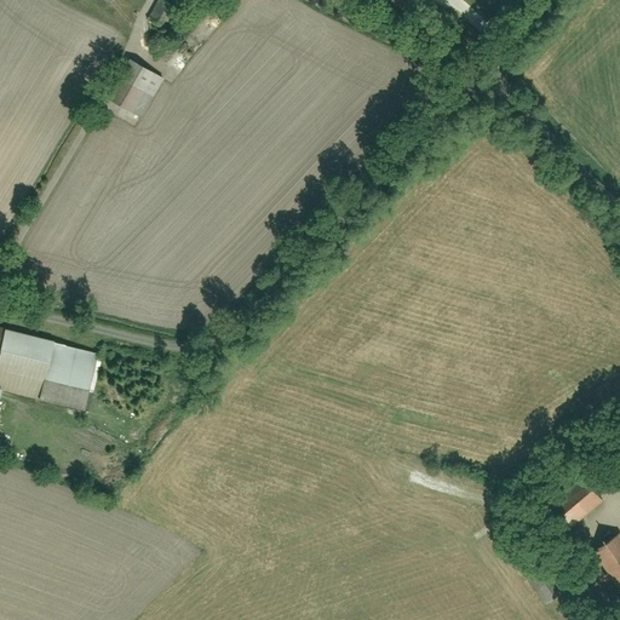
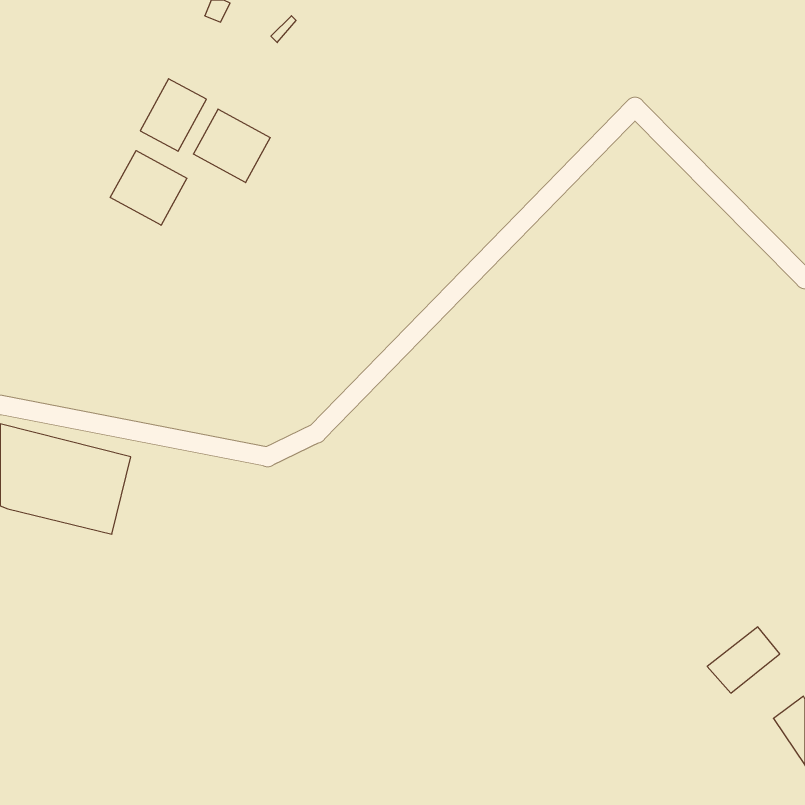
building: none -> [193,109,270,183]
building: none -> [110,151,187,225]

